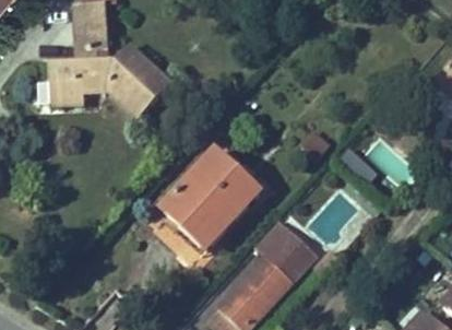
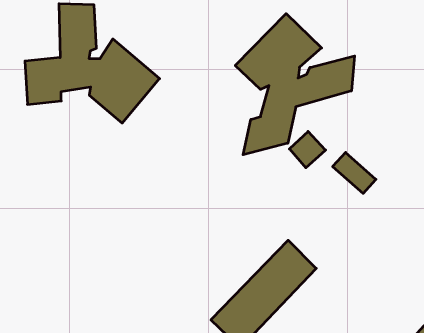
building: none -> [235,14,355,155]
building: [160,155,258,244] -> none

